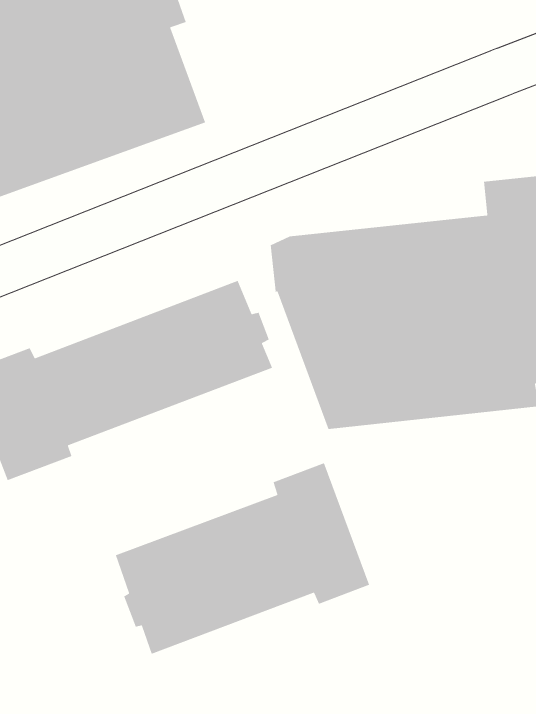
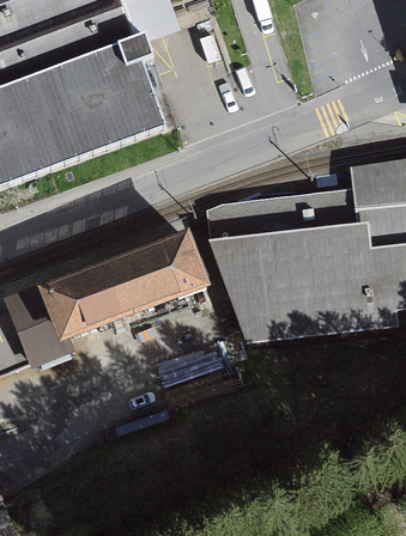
building: [115,462,370,655] -> none

